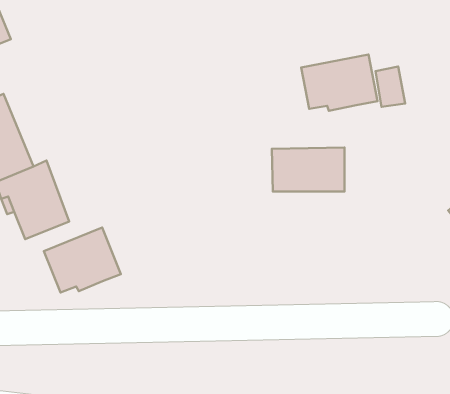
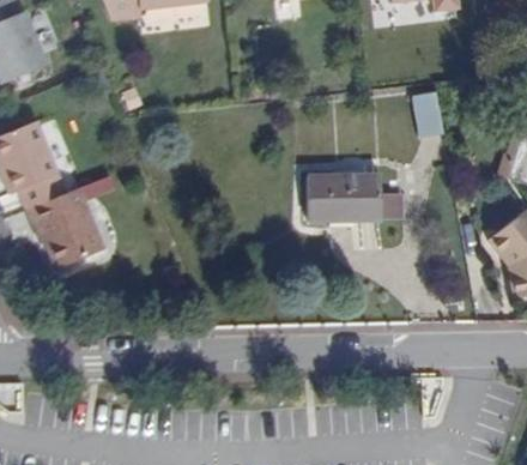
building: [301,54,377,111] -> none
building: [44,228,121,292] -> none

